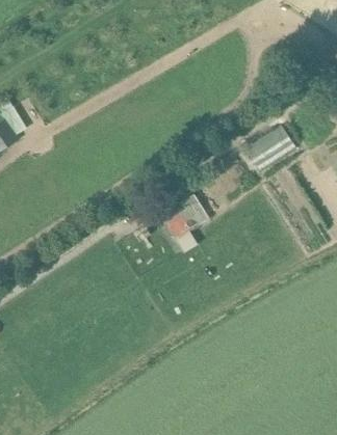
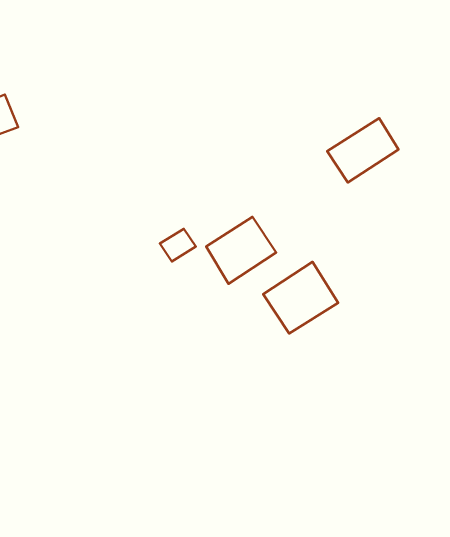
building: none -> [263,262,338,334]

